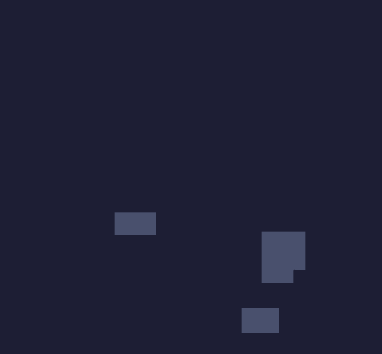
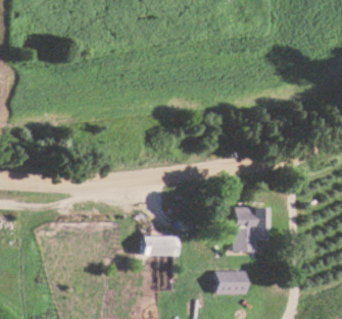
building: [114,212,157,236] -> [142,235,179,256]

